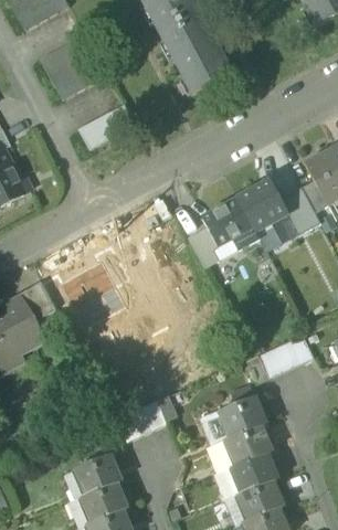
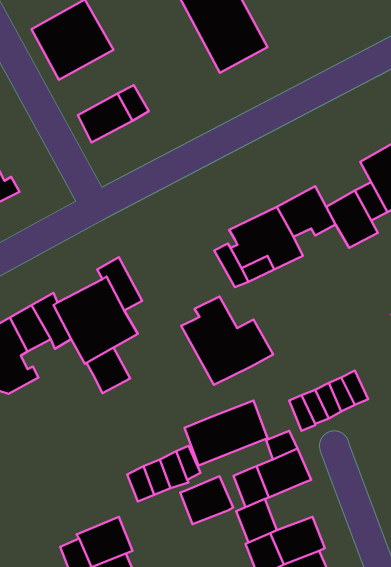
building: [253,215,298,252] -> none
building: none -> [181,296,273,385]
building: none -> [87,348,130,393]
building: none -> [184,400,268,466]
building: [230,424,273,463] -> [180,476,233,524]

